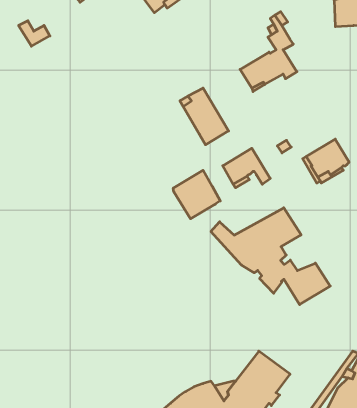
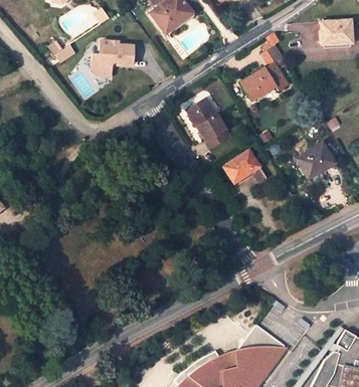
building: none -> [91,38,134,72]
building: [173,170,220,219] -> none
building: [211,208,330,305] -> none

